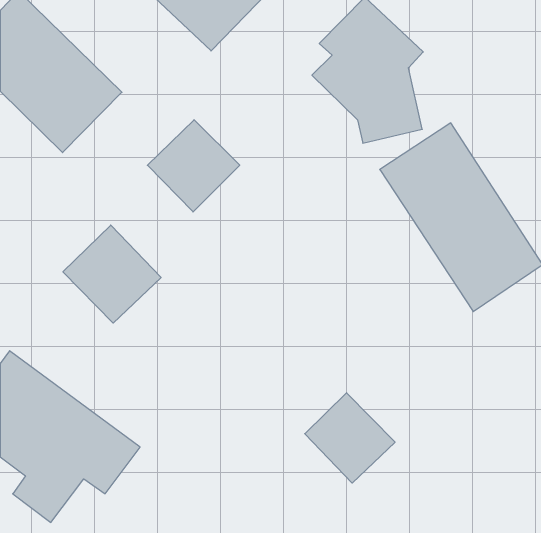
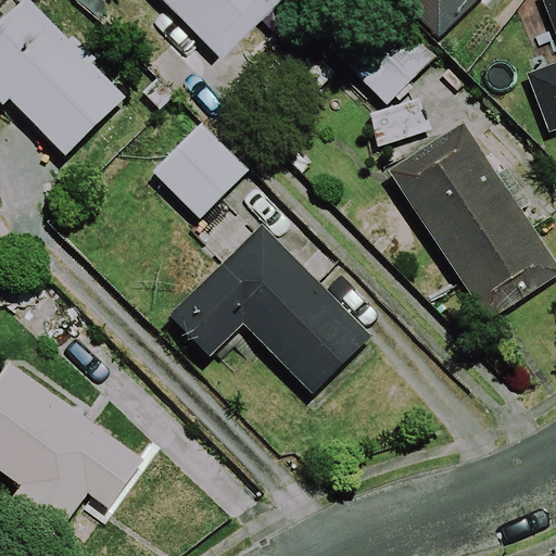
building: none -> [172,229,366,390]
building: [63,225,161,323] -> none
building: [305,393,395,483] -> none

